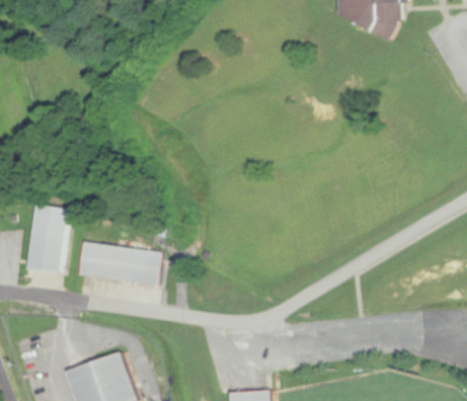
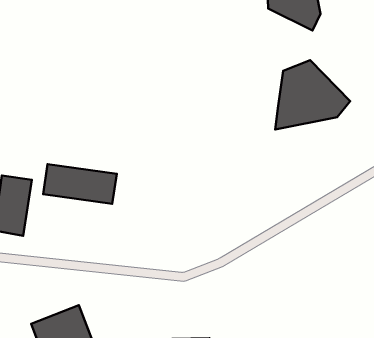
building: none -> [275,60,350,129]
building: [78,242,162,288] -> [43,164,117,204]

